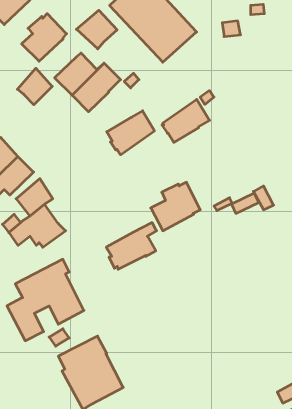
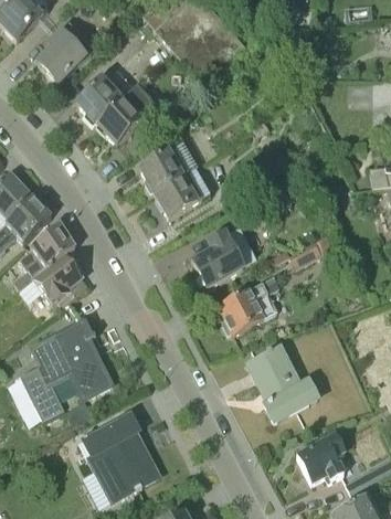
building: [76,10,117,49] -> none
building: [17,68,52,105] -> none
building: [162,99,210,142] -> [155,166,212,218]
building: [106,223,157,269] -> [218,276,278,332]
building: none -> [247,345,319,420]
building: none -> [296,433,346,483]

